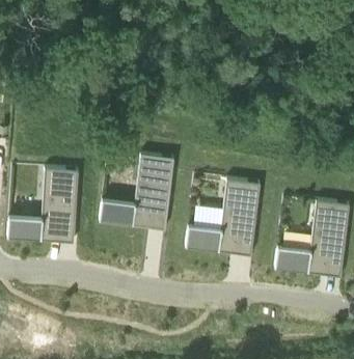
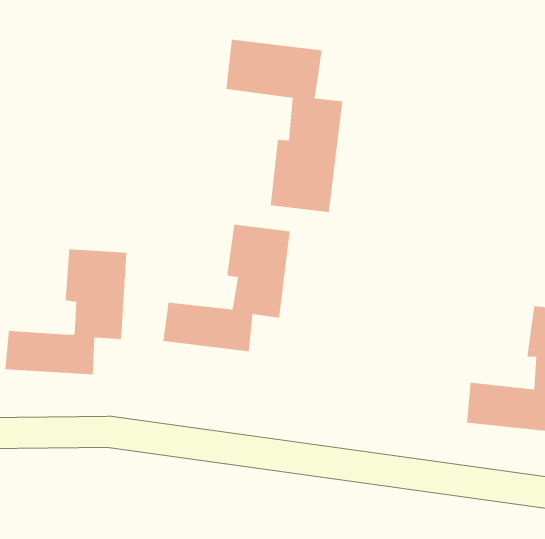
building: none -> [226,39,343,213]
building: [185,180,257,253] -> none

